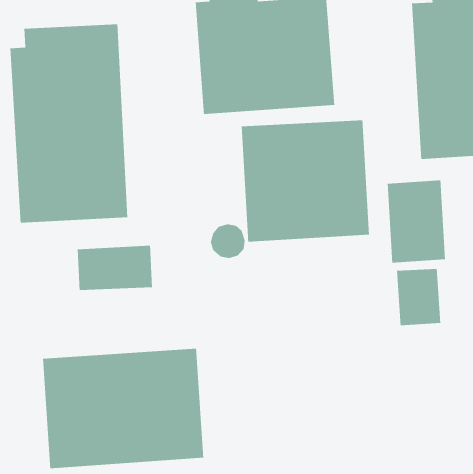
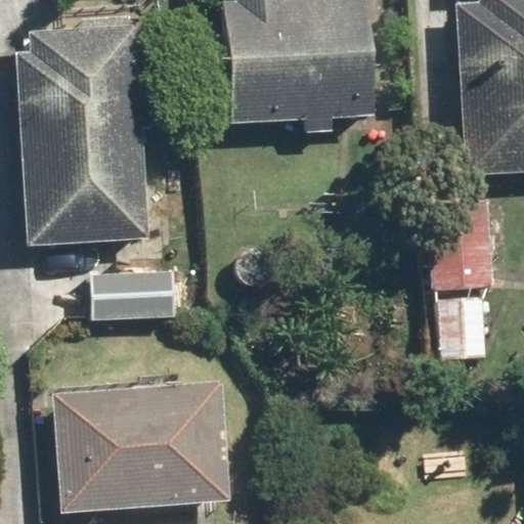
building: [241,120,370,242] -> none

